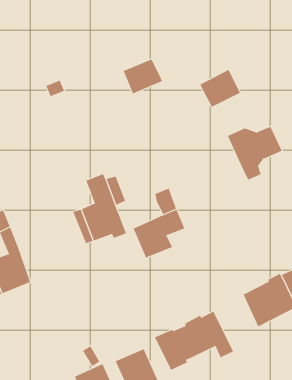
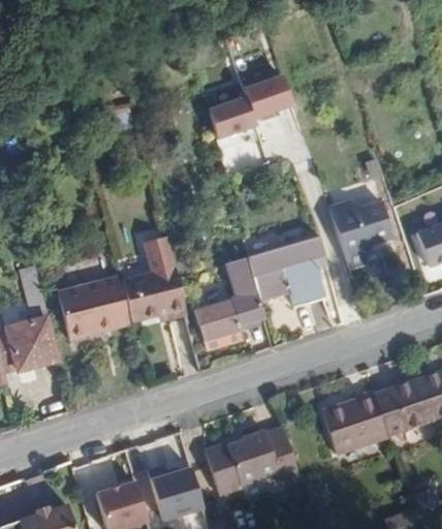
building: [200,69,241,107] -> [243,75,293,121]
building: none -> [247,237,327,306]
building: none -> [58,277,128,340]

